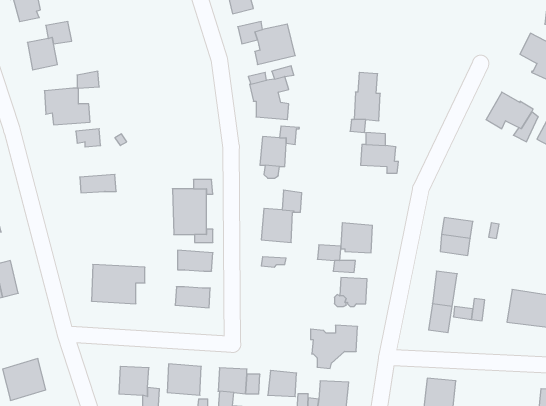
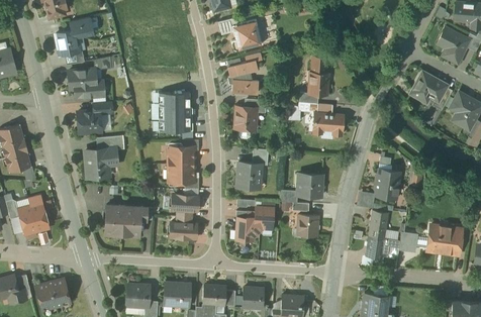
building: none -> [159,94,189,131]
building: none -> [77,111,102,133]
building: none -> [85,149,116,178]
building: [311,325,358,368] -> [236,208,273,241]

